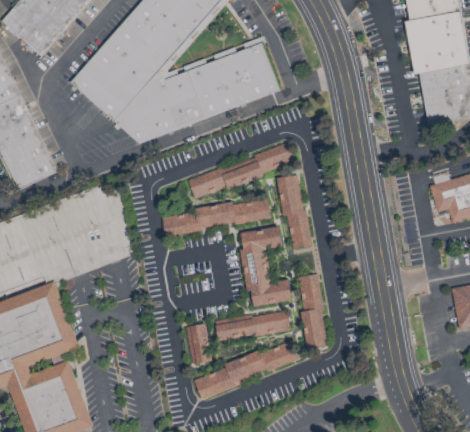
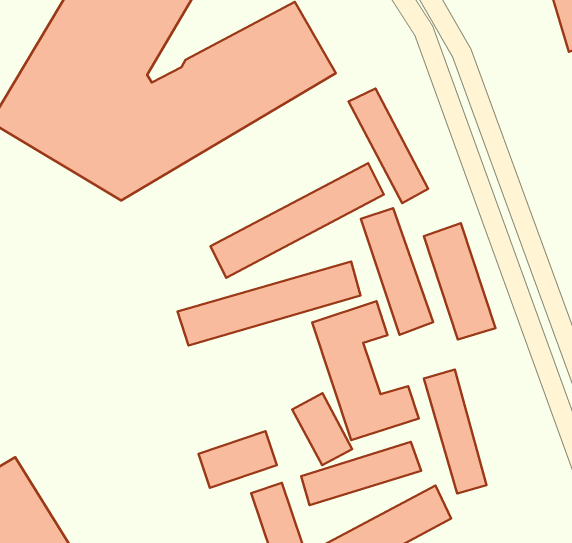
building: none -> [349,88,428,203]
building: none -> [424,223,495,339]
building: none -> [292,393,352,465]
building: none -> [199,431,277,488]

